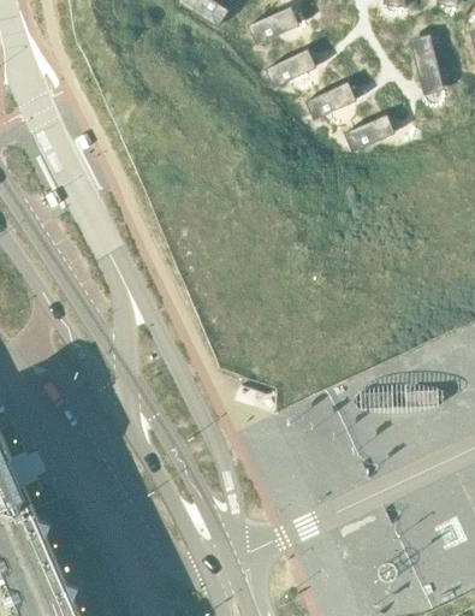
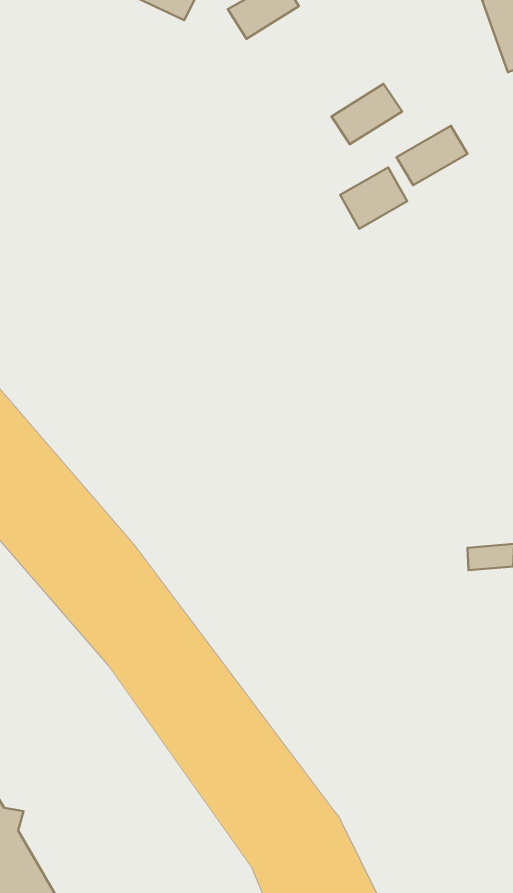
building: [267,52,311,88] -> none
building: none -> [340,167,407,229]

